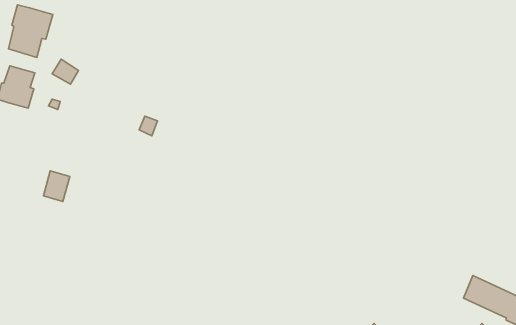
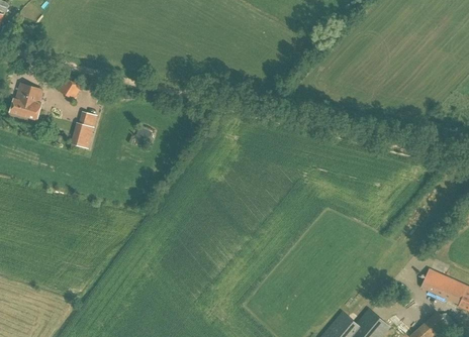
building: [8,5,53,57] -> none
building: [43,171,70,202] -> [71,121,94,148]

